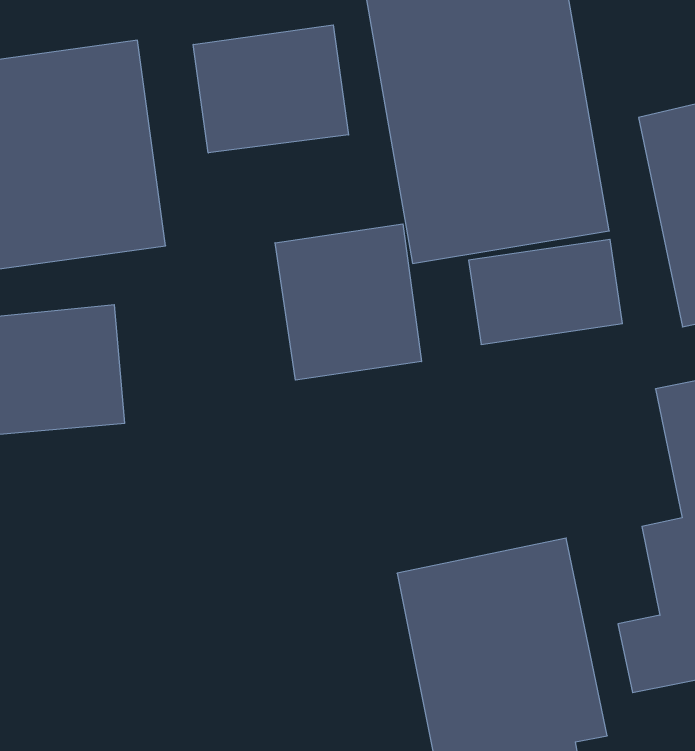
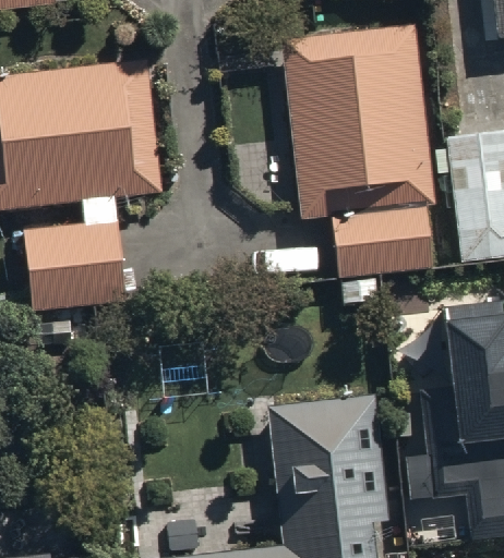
building: [193,25,349,153] -> none
building: [275,224,421,380] -> none

